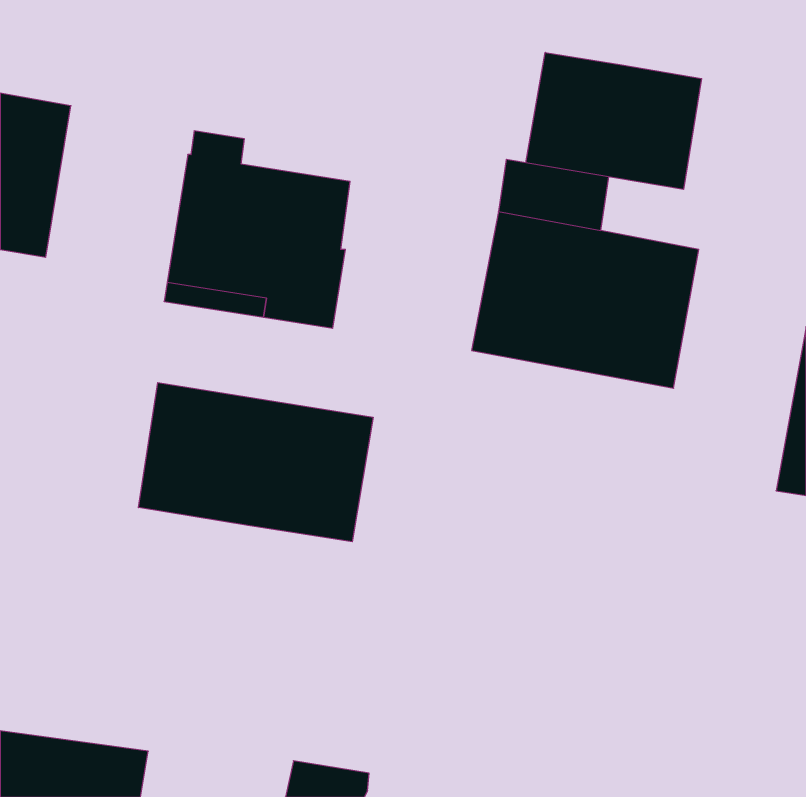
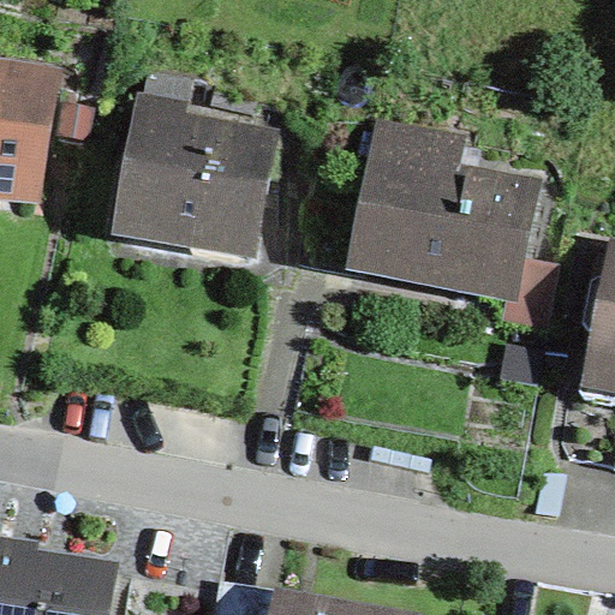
building: [526,52,702,189] -> none
building: [138,383,373,542] -> none

